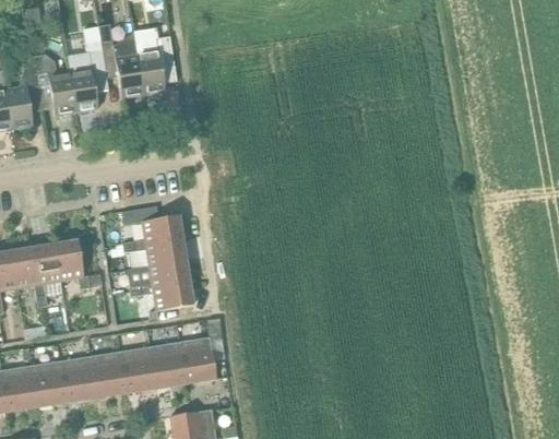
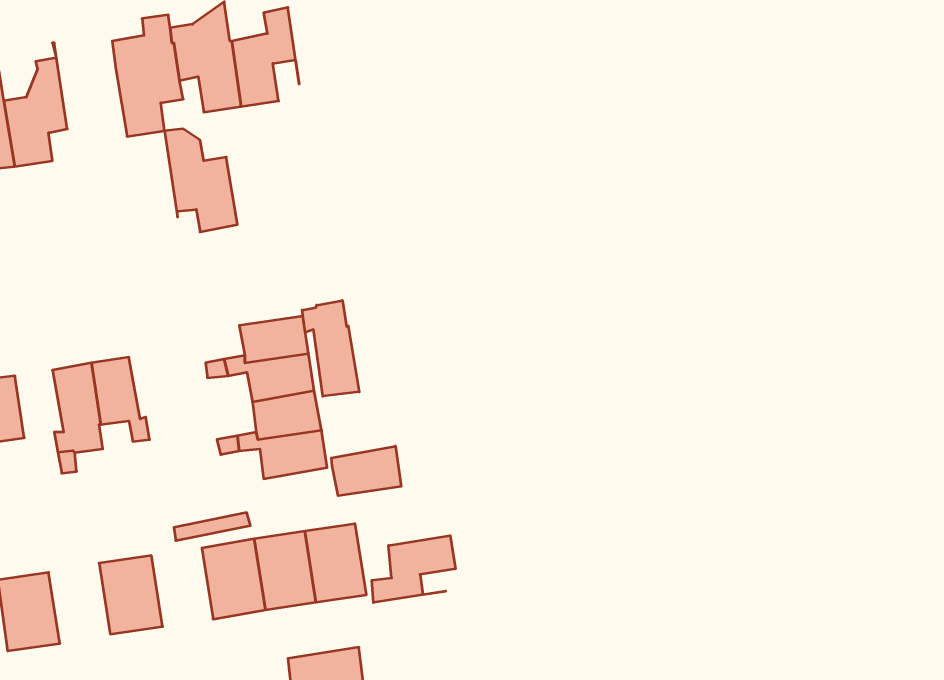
building: [34,55,76,115] -> [165,129,237,232]
building: none -> [302,300,359,396]
building: [11,247,39,286] -> none
building: none -> [331,446,401,496]
building: none -> [372,536,455,603]
building: [91,351,127,396] -> none
building: [31,359,67,406] -> none

